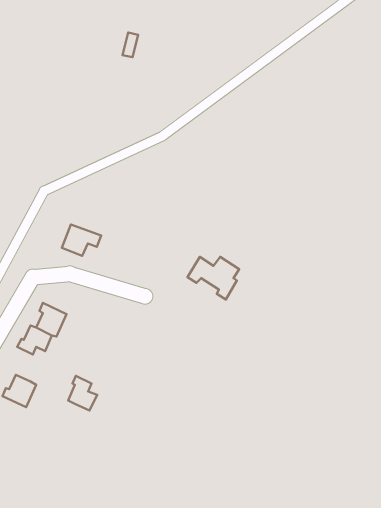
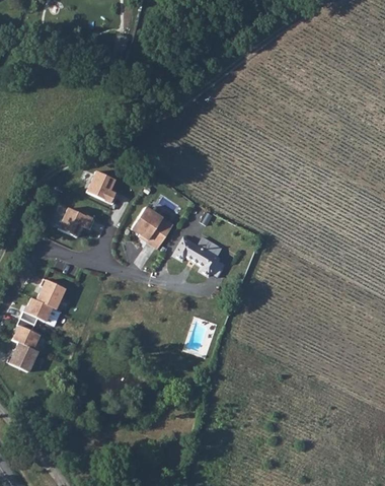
building: none -> [88,169,119,201]
building: none -> [133,206,174,247]
building: [68,376,97,411] -> [13,318,40,349]

